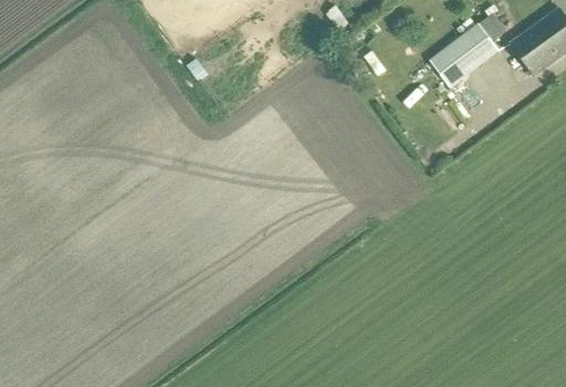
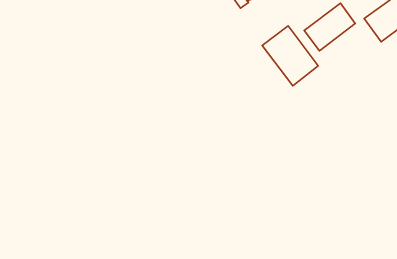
building: none -> [262,26,318,86]

